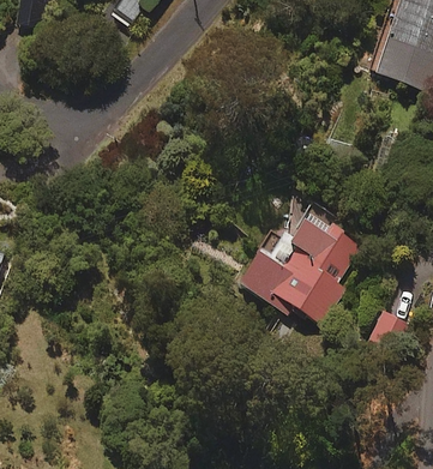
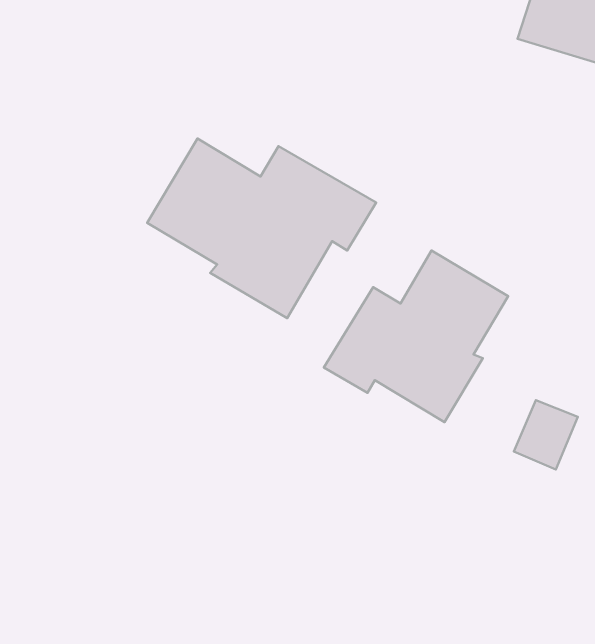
building: none -> [147,138,376,318]

